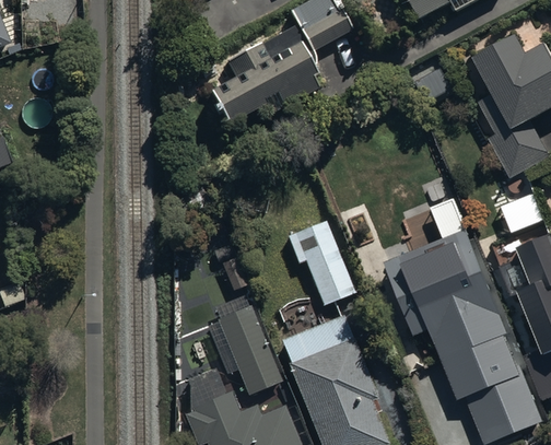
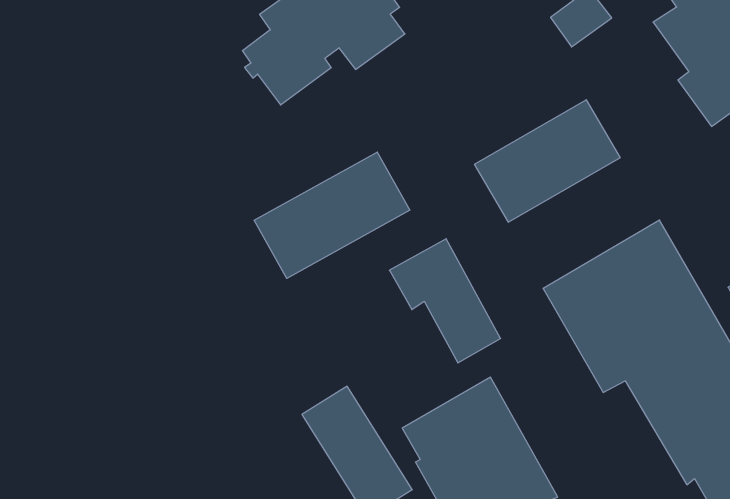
building: none -> [475,100,620,222]
building: none -> [254,152,410,278]

